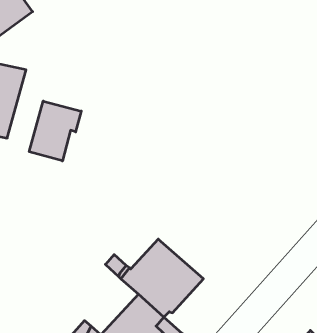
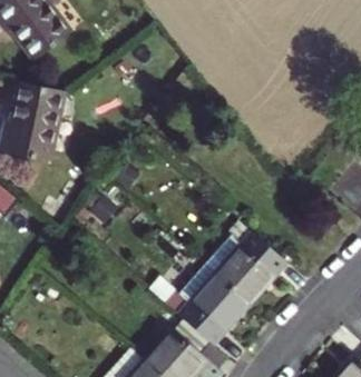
building: [29,101,81,161] -> none
building: none -> [199,226,280,308]

